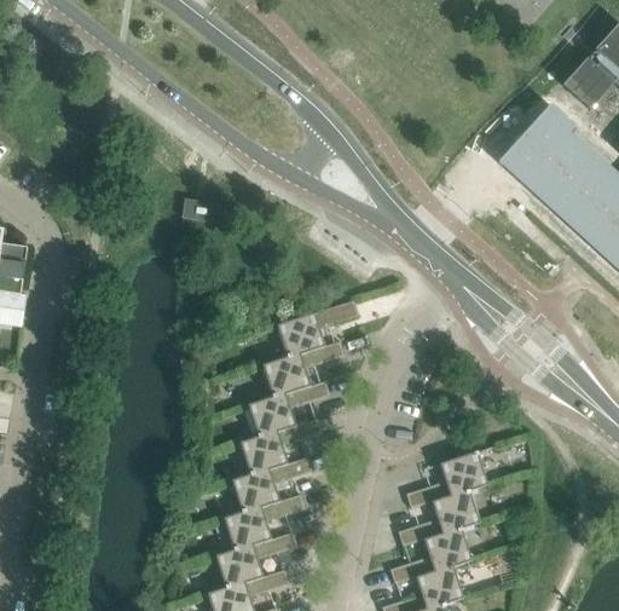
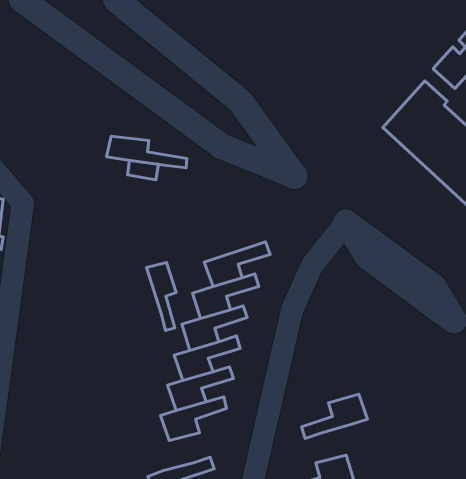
building: none -> [106,136,187,168]
building: none -> [147,262,176,330]
building: [405,454,487,511] -> none
building: [389,530,472,586] -> none
building: [215,534,297,588] -> none

